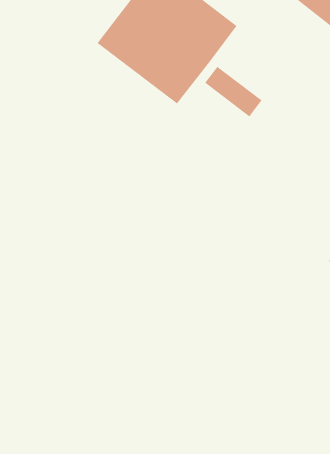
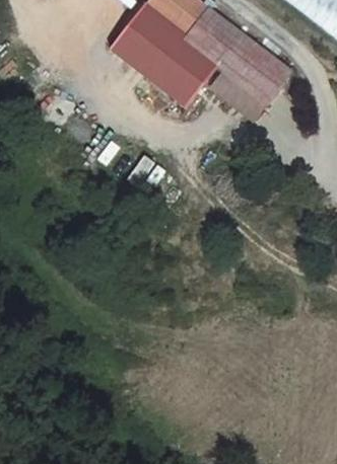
building: none -> [217,32,292,102]

